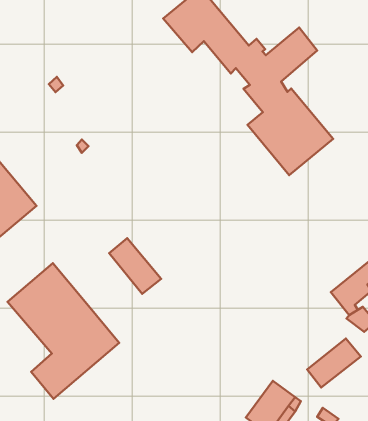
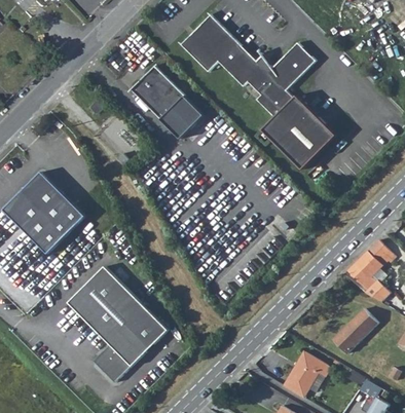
building: none -> [132,66,206,139]
building: [109,238,161,294] -> none

